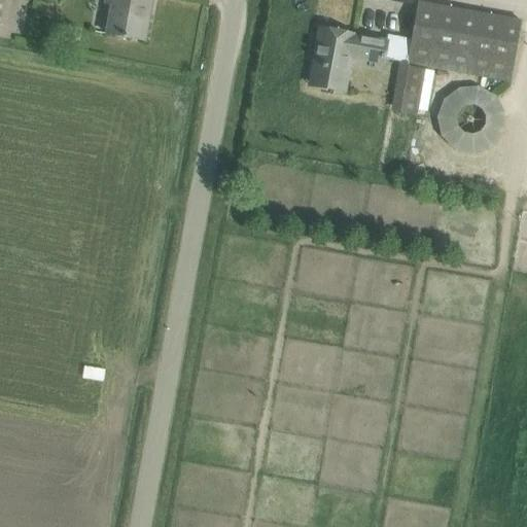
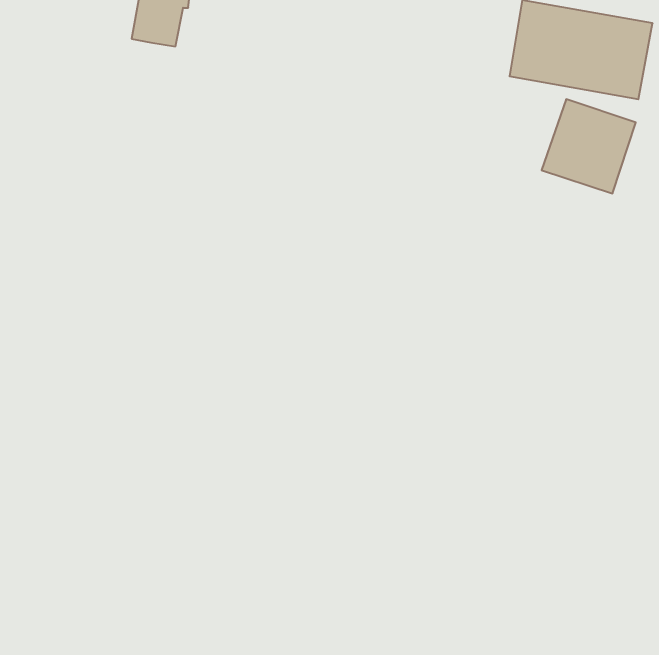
building: [313,26,387,90] -> none
building: [397,62,422,113] -> none

